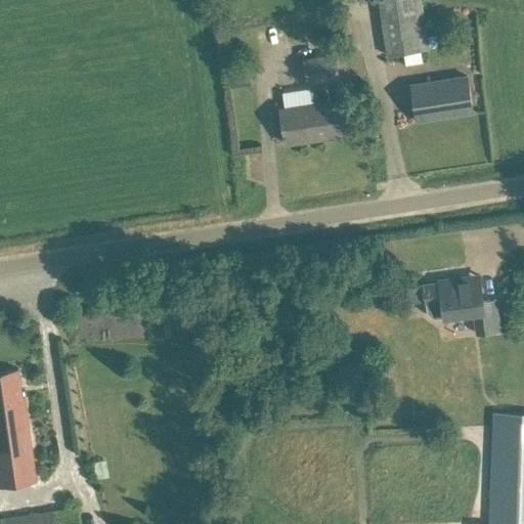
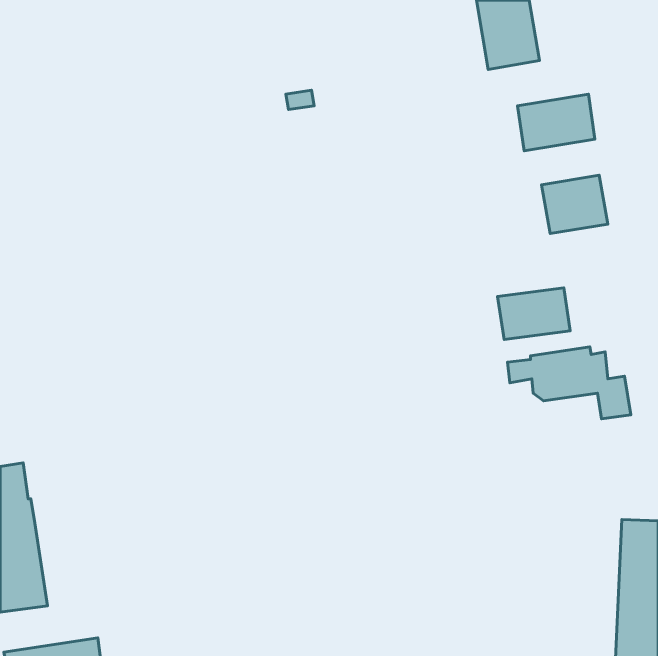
building: [281,56,346,142] -> none
building: none -> [542,175,608,234]
building: none -> [498,288,570,339]

